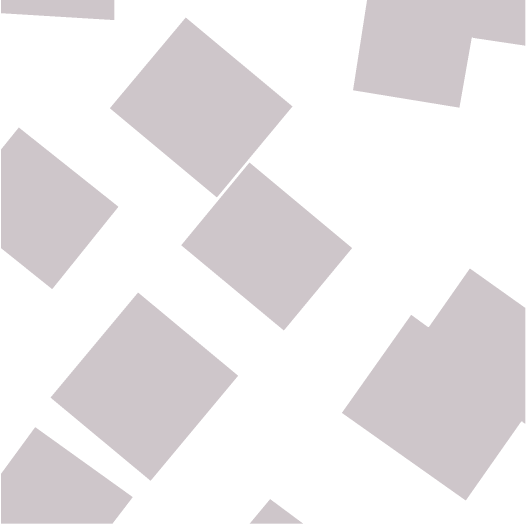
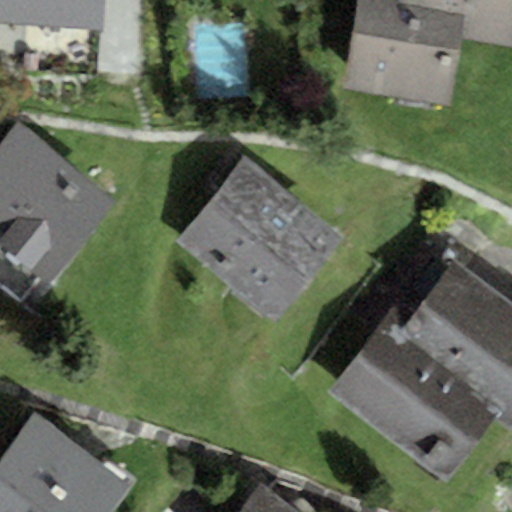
building: [109,16,293,199] -> none
building: [49,291,239,482] -> none

